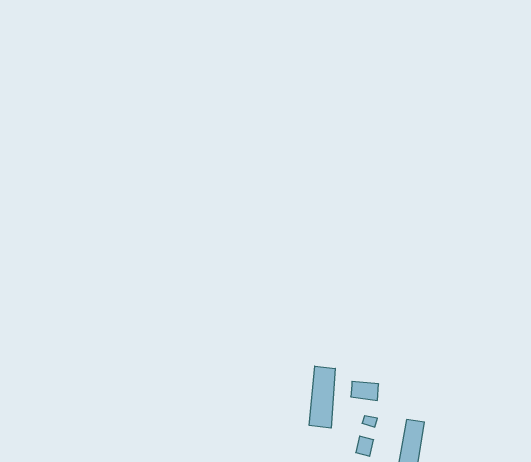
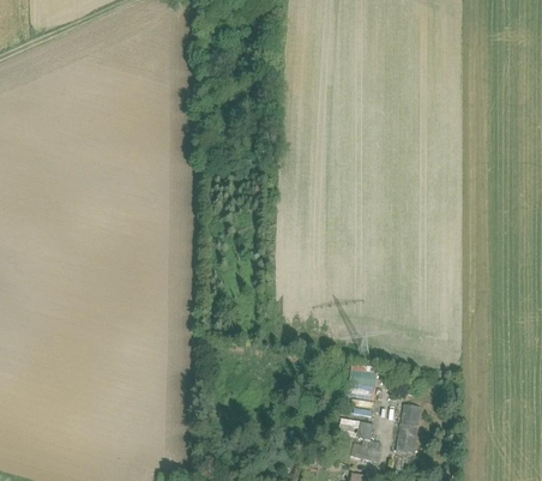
building: [309,366,335,428] -> none

